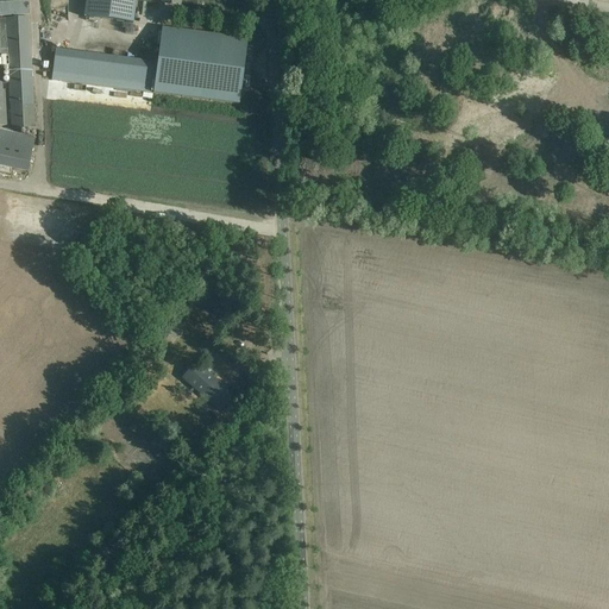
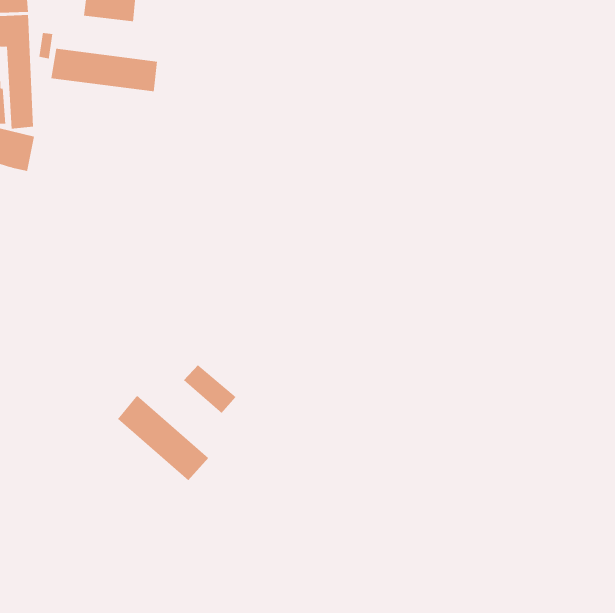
building: [152,25,246,101] -> none
building: none -> [117,395,209,481]

